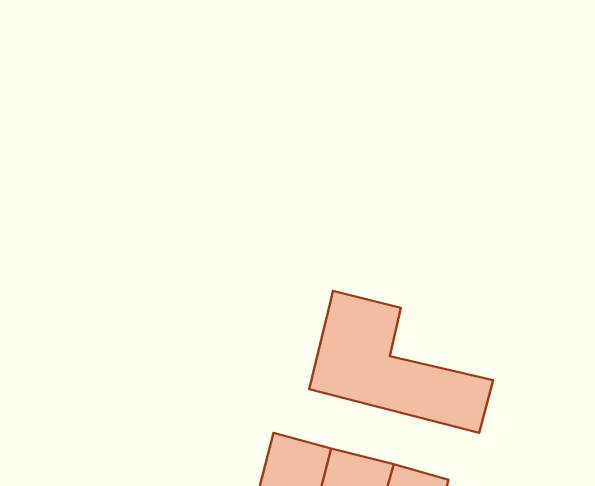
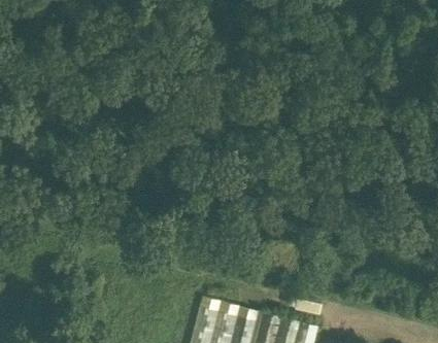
building: [309,291,493,433] -> none

